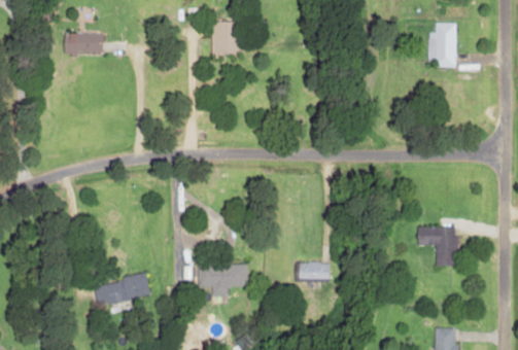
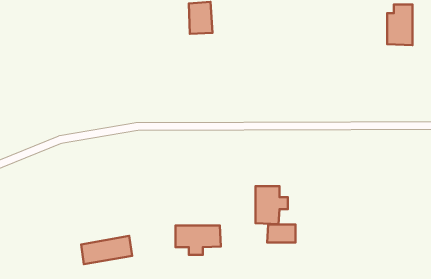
building: [63,33,103,55] -> none
building: none -> [256,186,288,224]
building: [417,226,457,266] -> none

